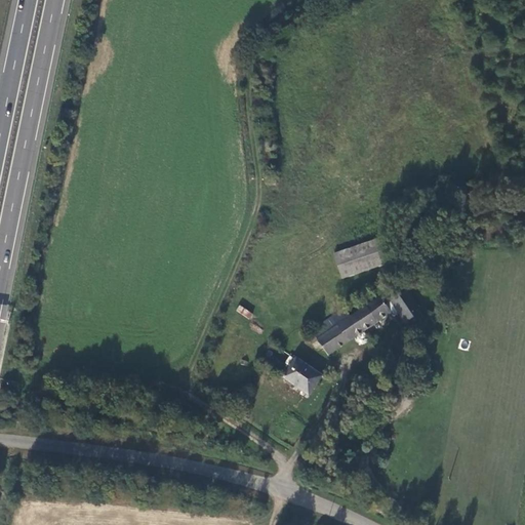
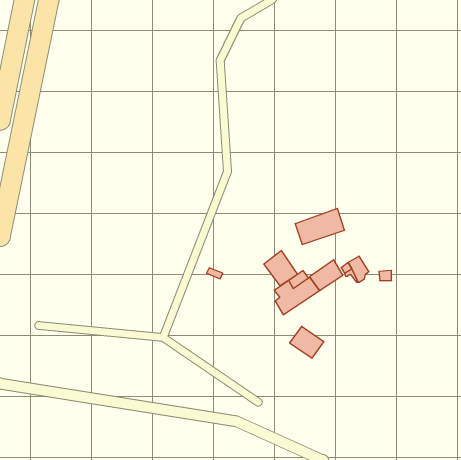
building: none -> [264,250,297,286]
building: [283,359,322,395] -> [290,326,324,358]

